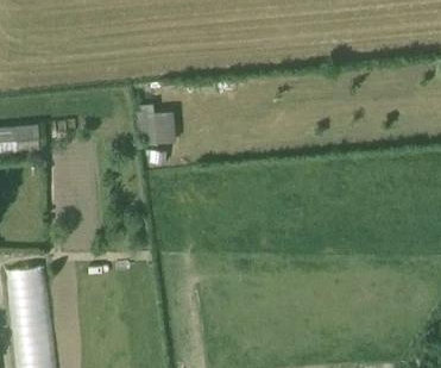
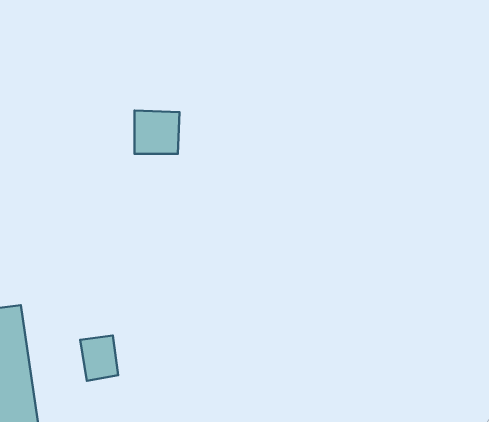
building: none -> [80,335,118,381]

